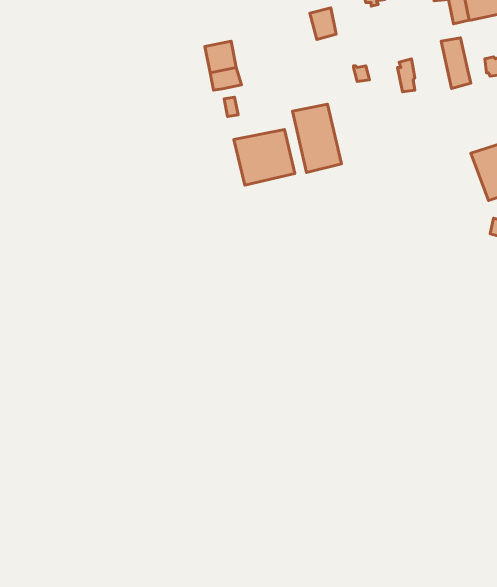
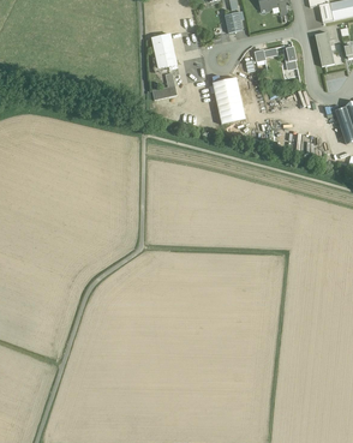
building: [234,129,295,185] -> none

